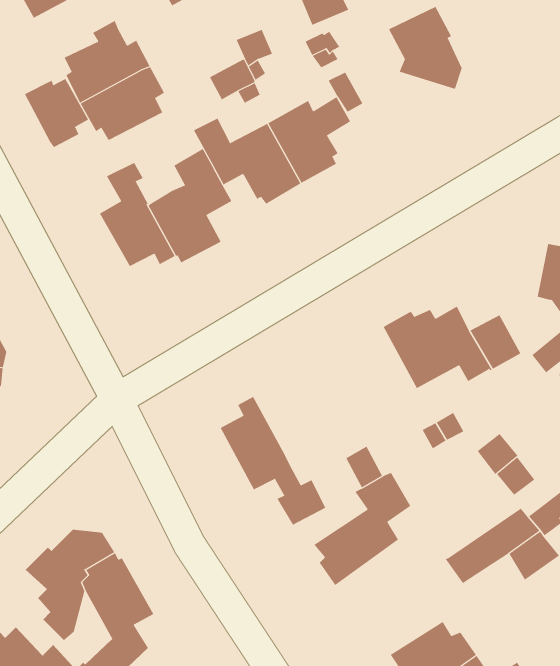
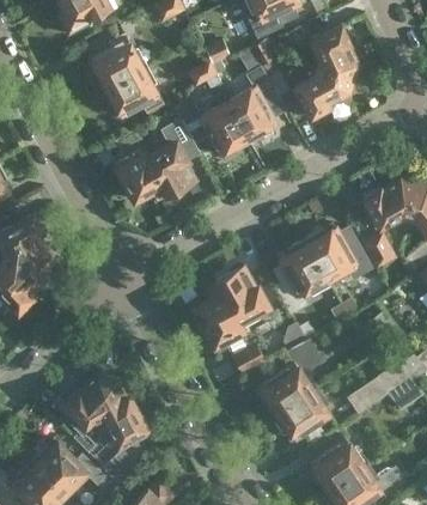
building: none -> [295,68,353,118]
building: [24,78,89,148] -> none
building: none -> [362,181,415,230]
building: none -> [273,241,327,315]
building: none -> [214,268,269,324]
building: none -> [272,384,330,445]

